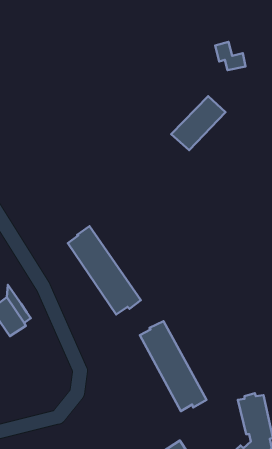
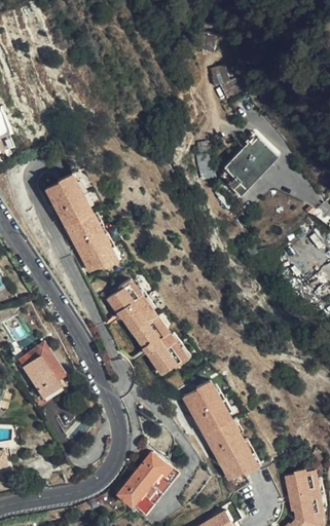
building: [215,42,246,70] -> [210,66,243,97]
building: none -> [47,174,117,271]
building: none -> [119,452,179,515]

